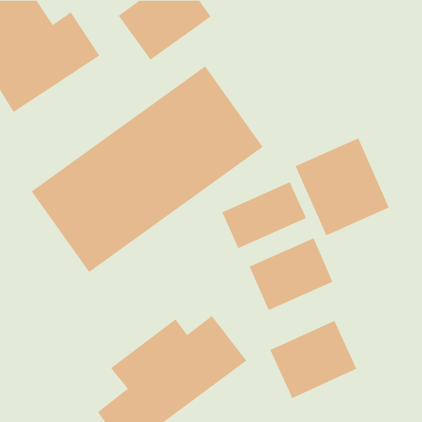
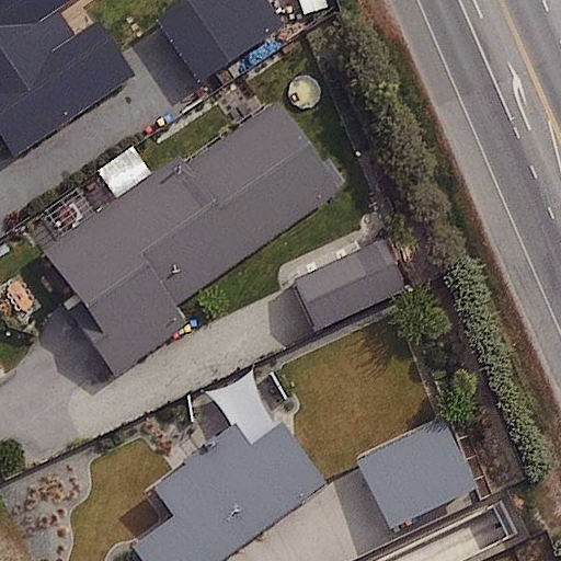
building: [295,138,390,236] -> none
building: [249,237,333,311] -> none

